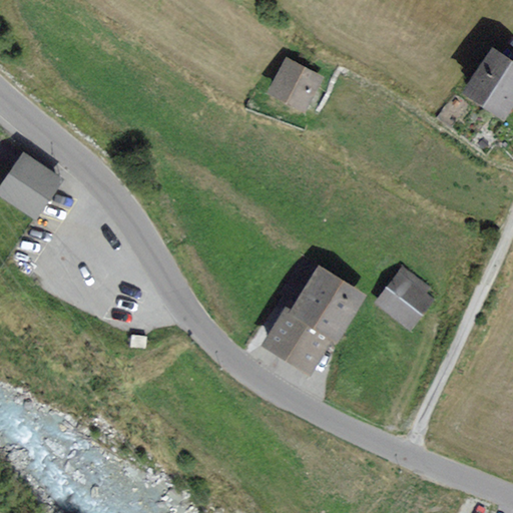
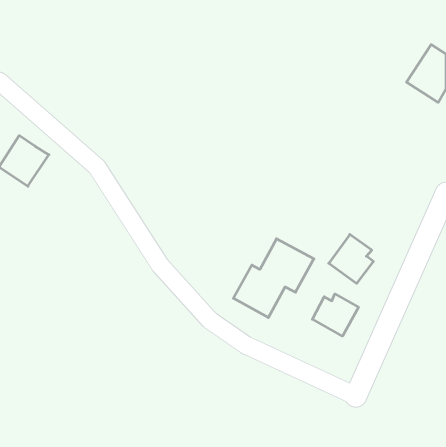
building: [272,60,319,109] -> none
building: none -> [312,294,358,336]

